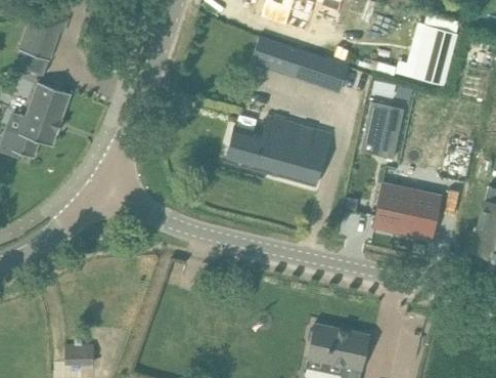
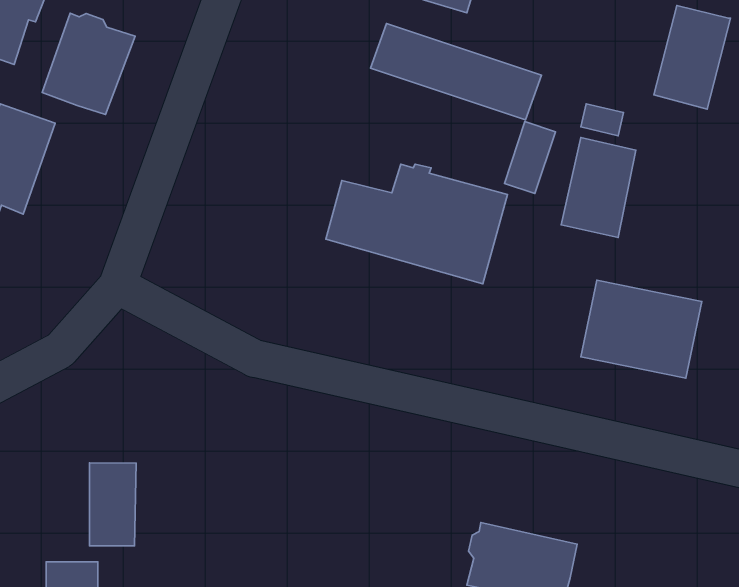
building: none -> [42,13,135,115]
building: none -> [504,122,556,194]
building: none -> [90,463,136,546]

